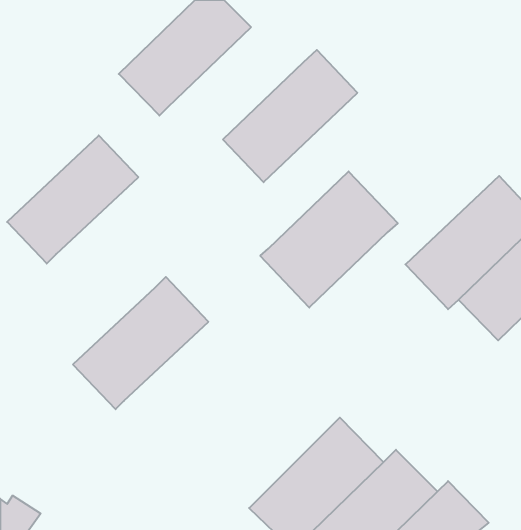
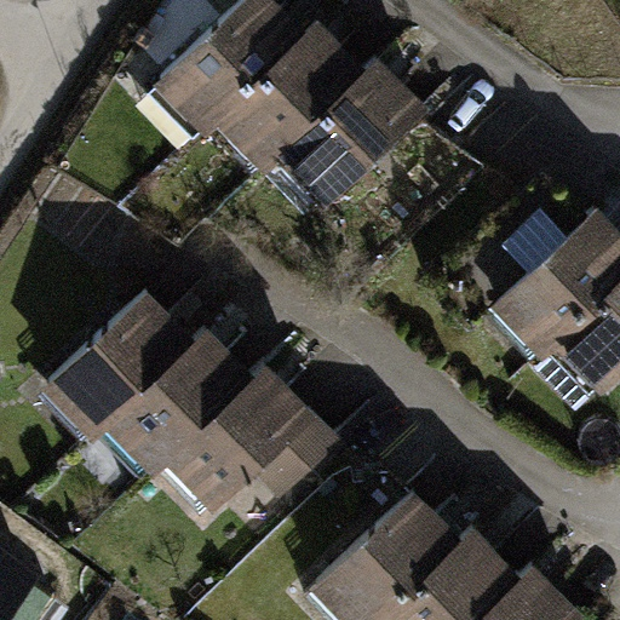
building: none -> [208,24,366,179]
building: [7,135,138,264] -> [41,288,194,437]
building: [260,171,398,308] -> none
building: none -> [157,364,343,519]

